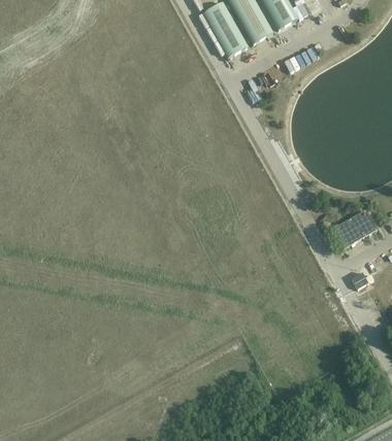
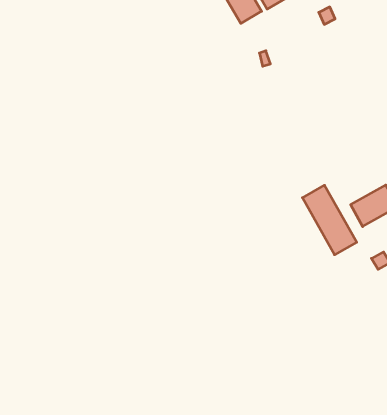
building: none -> [302,185,357,255]

